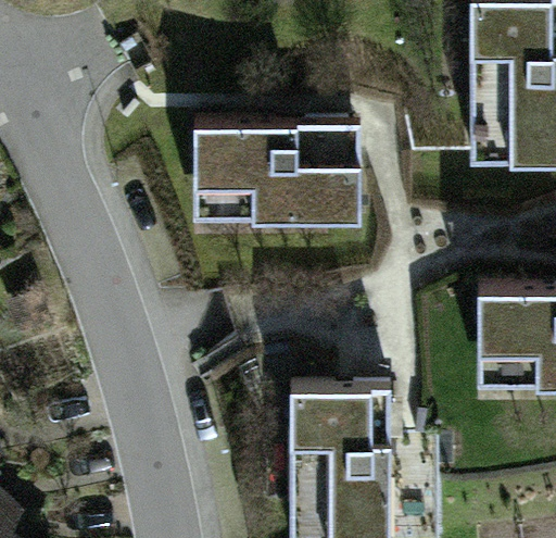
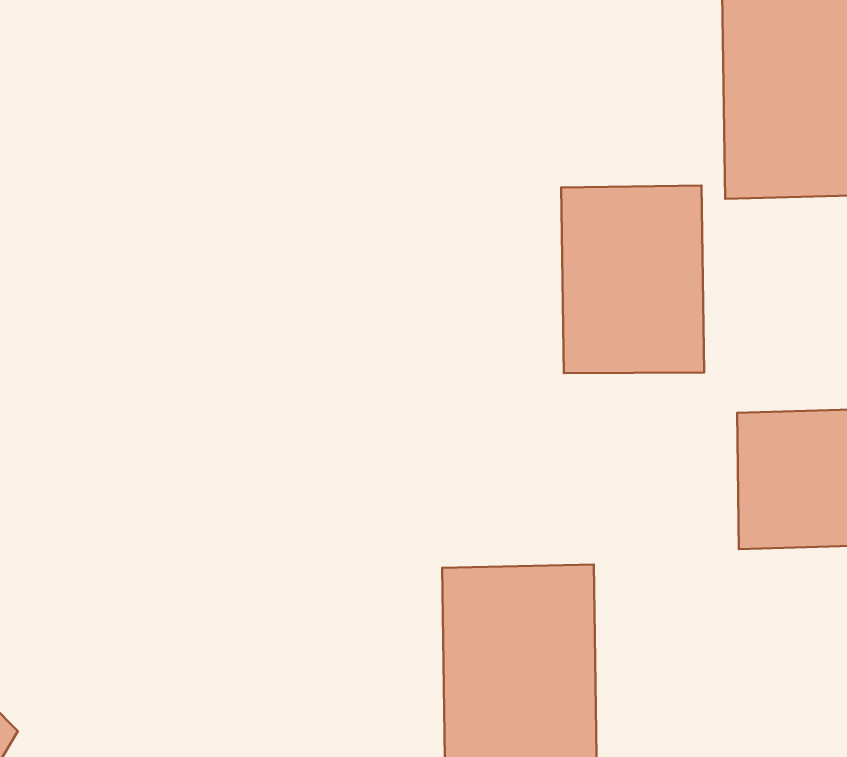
building: [194,126,358,226] -> none
building: none -> [561,185,704,373]

